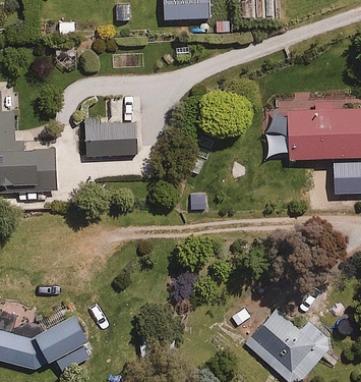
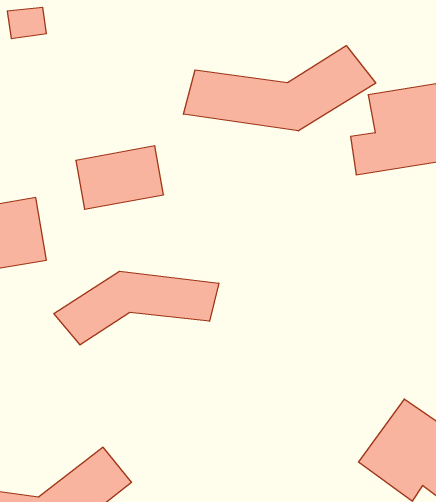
building: none -> [183,46,376,131]
building: none -> [54,271,219,345]

